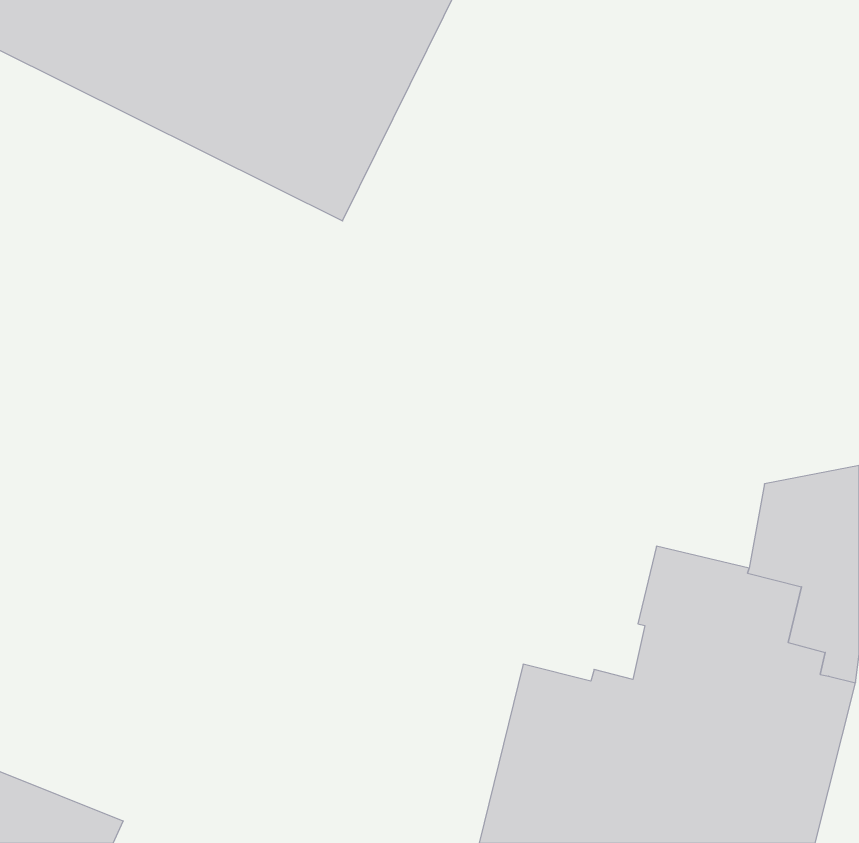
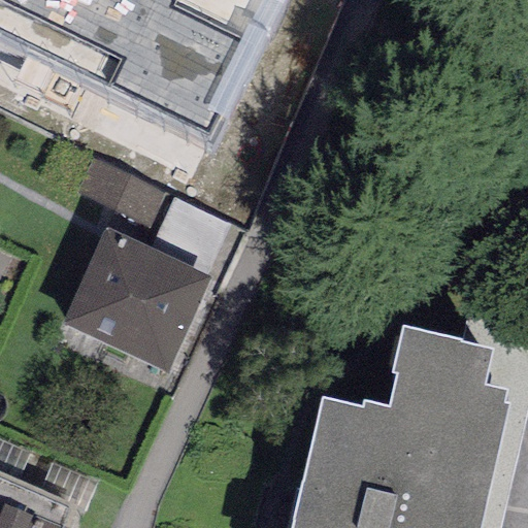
building: none -> [61,227,208,370]

